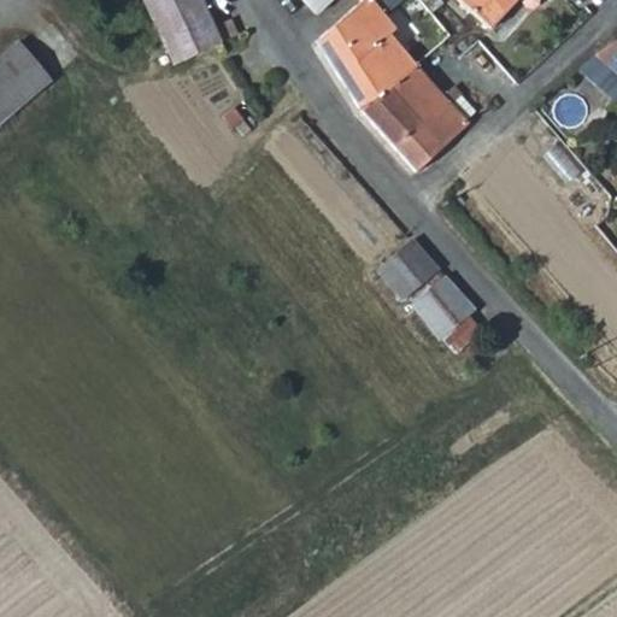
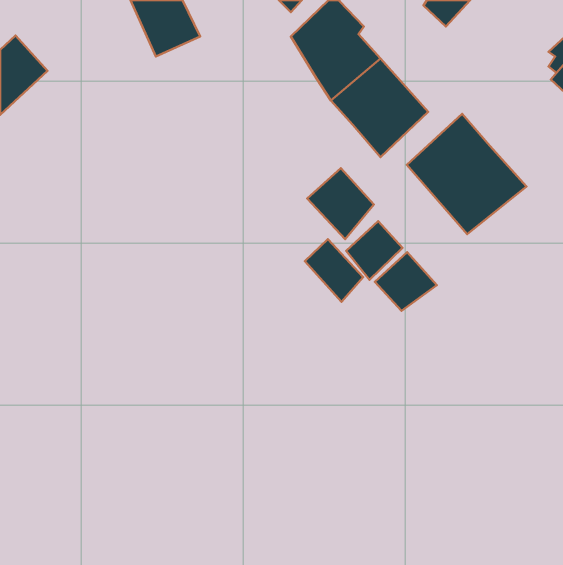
building: none -> [407,114,526,234]
building: none -> [307,168,374,239]
building: none -> [305,239,363,302]

